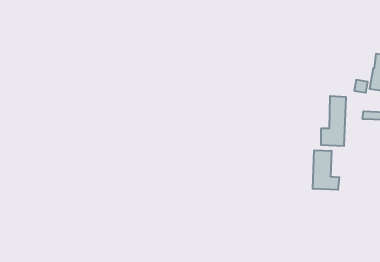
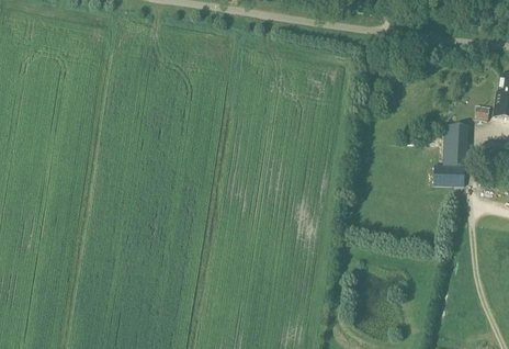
building: [313,150,339,190] -> none

